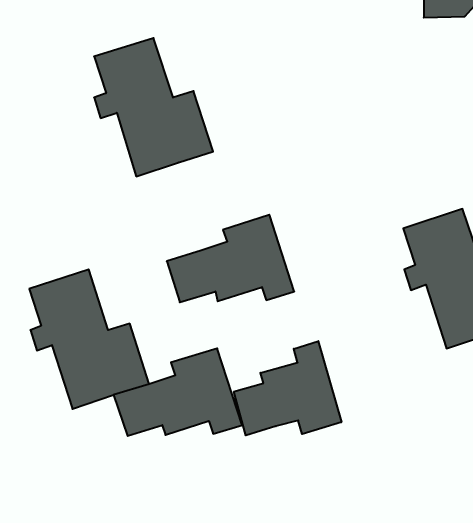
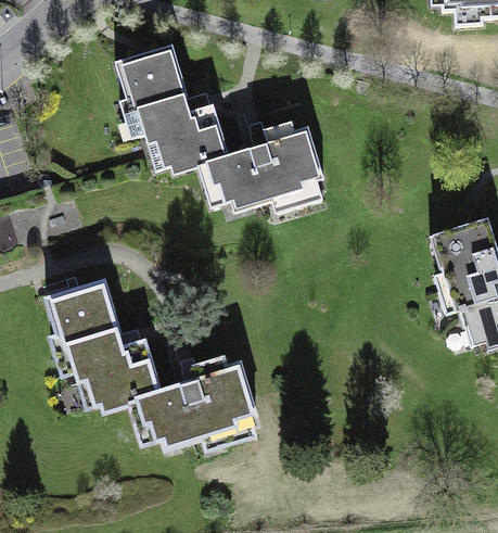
building: [167,215,294,302] -> [199,122,327,210]
building: [234,341,341,435] -> none

